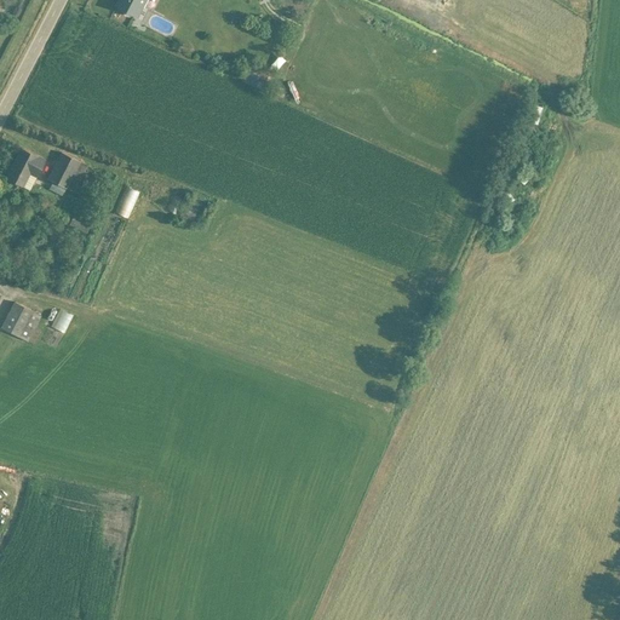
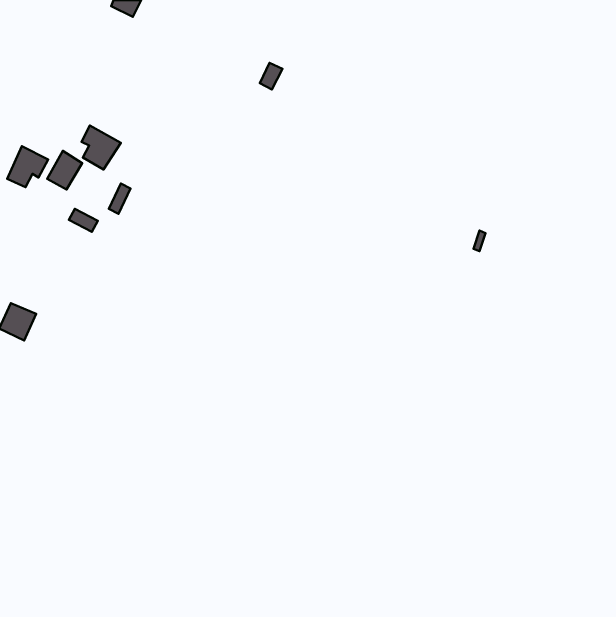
building: none -> [82,125,121,170]

